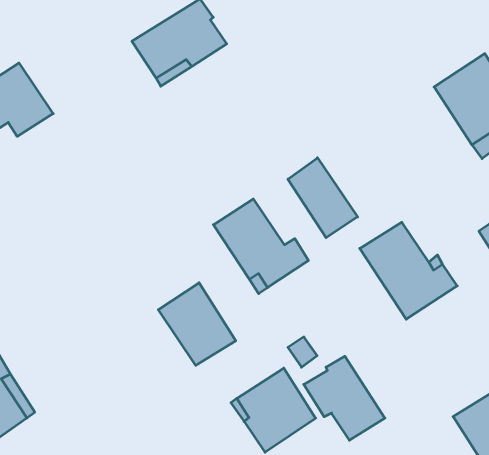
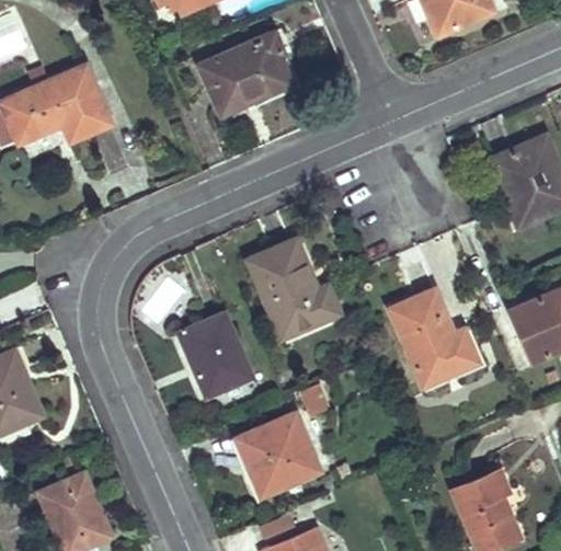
building: [288,158,358,238] -> none
building: [304,356,385,440] -> none

